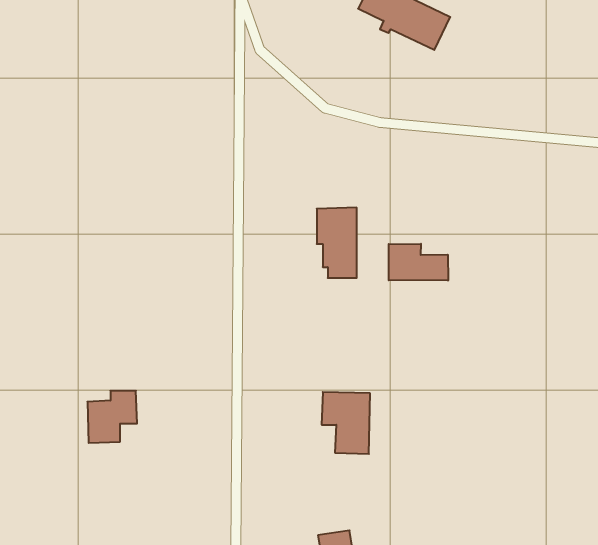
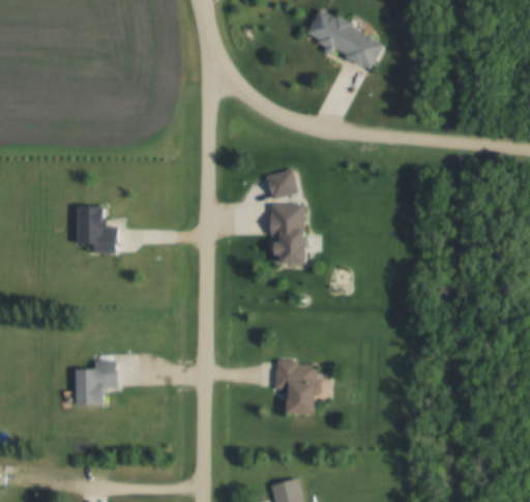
building: none -> [266,170,297,199]
building: none -> [77,207,115,253]
building: [389,244,448,281] -> none

